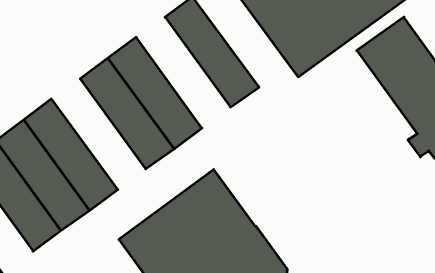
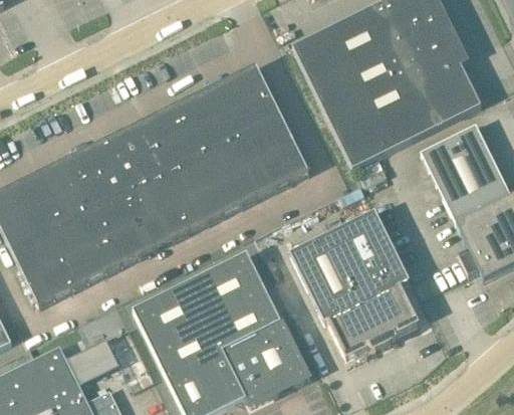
building: none -> [189,80,276,205]
building: none -> [87,131,175,255]
building: none -> [290,209,418,357]

